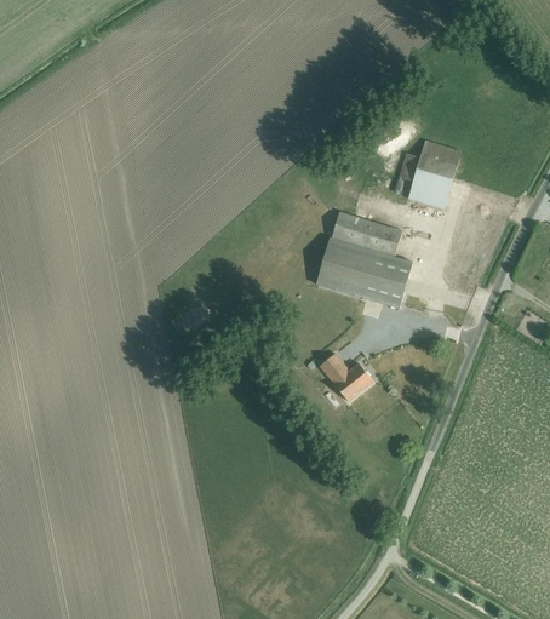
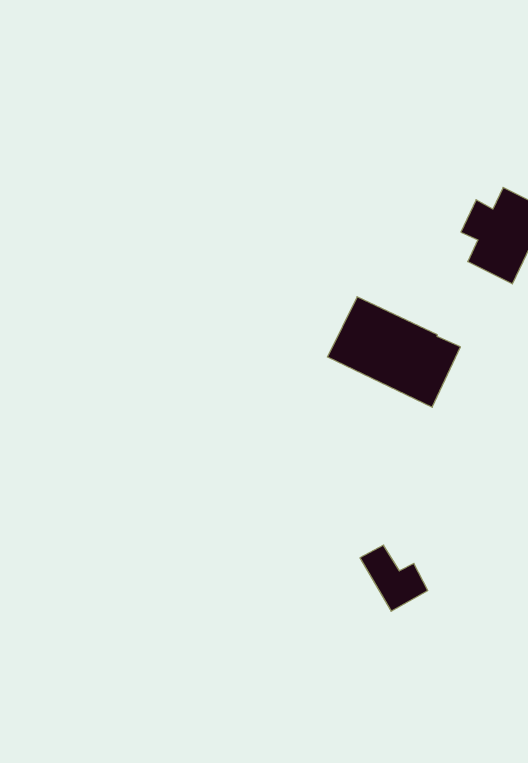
building: [331,211,401,254] -> none
building: [319,354,372,401] -> [360,545,428,611]

